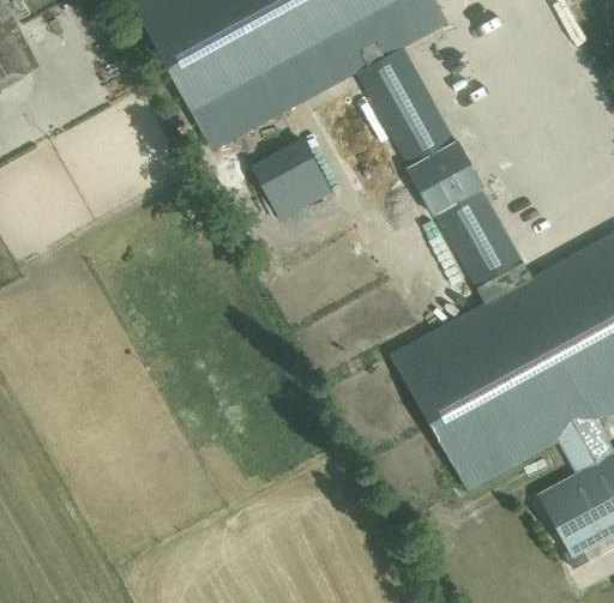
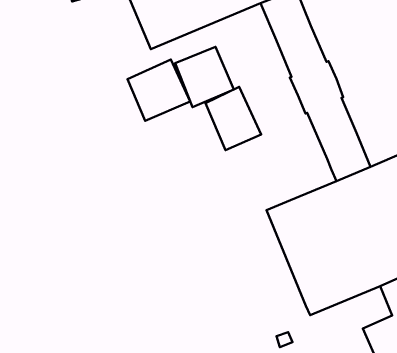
building: none -> [128,59,190,121]
building: none -> [205,87,261,150]

